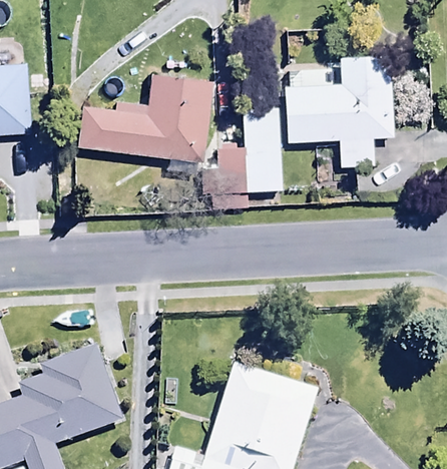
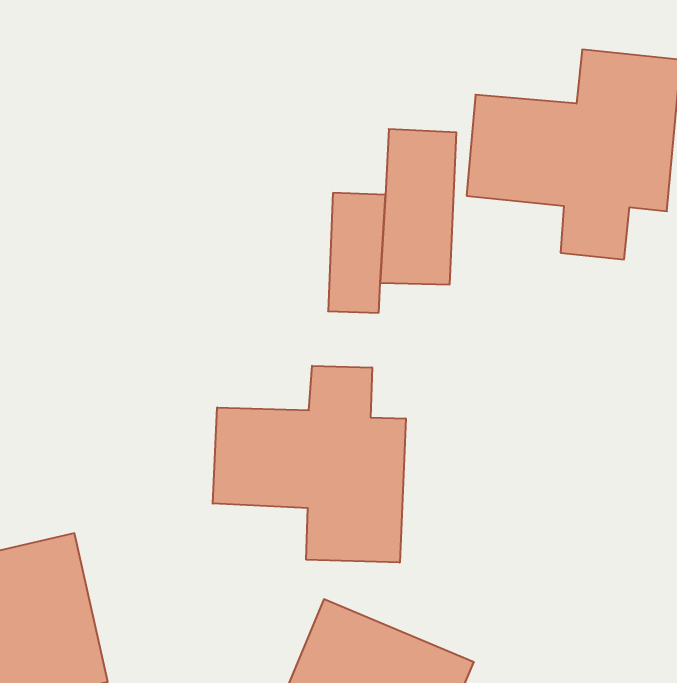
building: [78,75,212,162] -> none
building: none -> [213,366,406,563]

